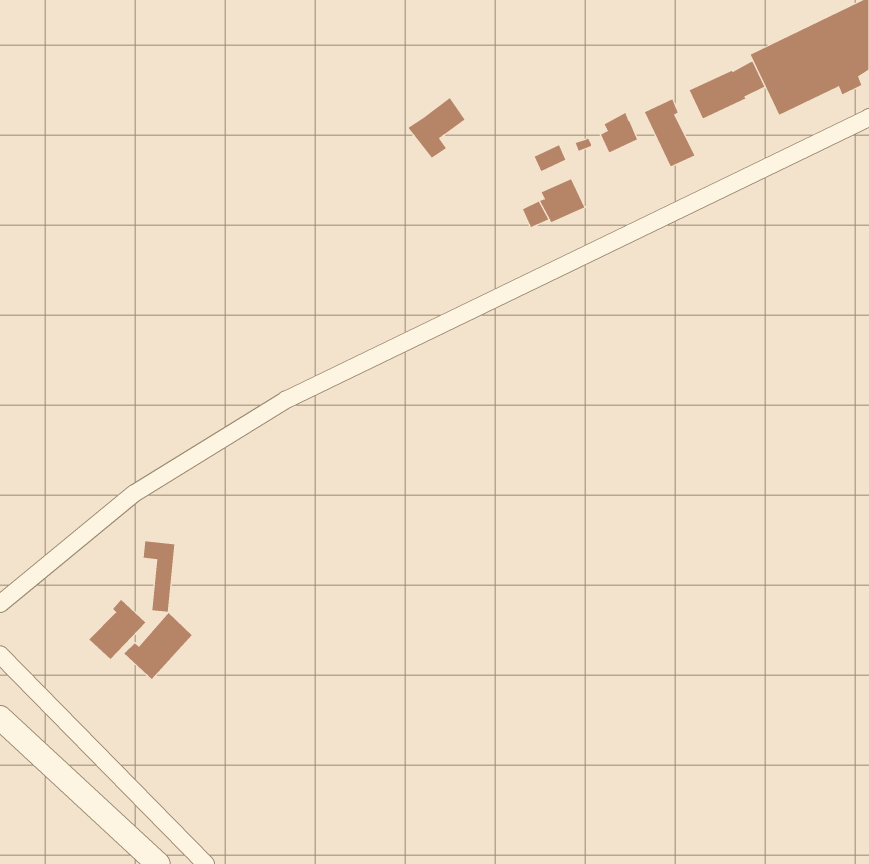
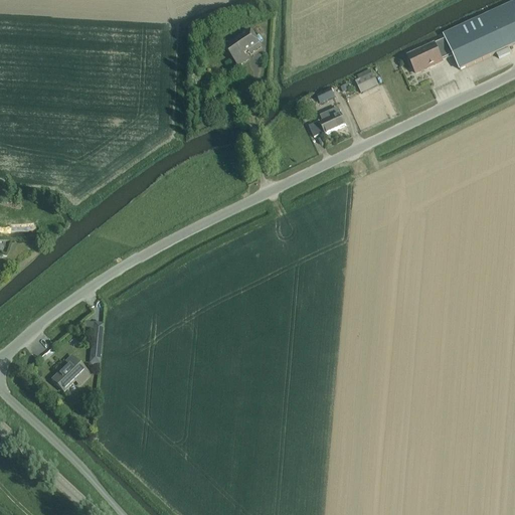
building: [408,97,465,159] -> [224,27,259,63]
building: [644,98,695,167] -> none
building: [124,612,193,680] -> none

